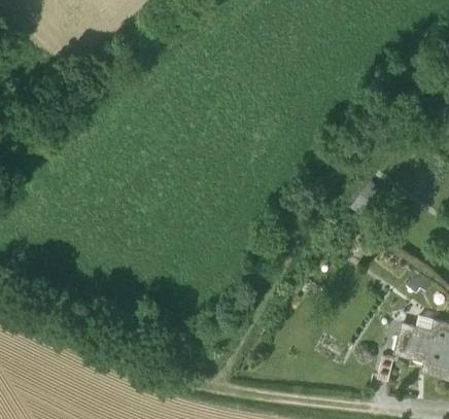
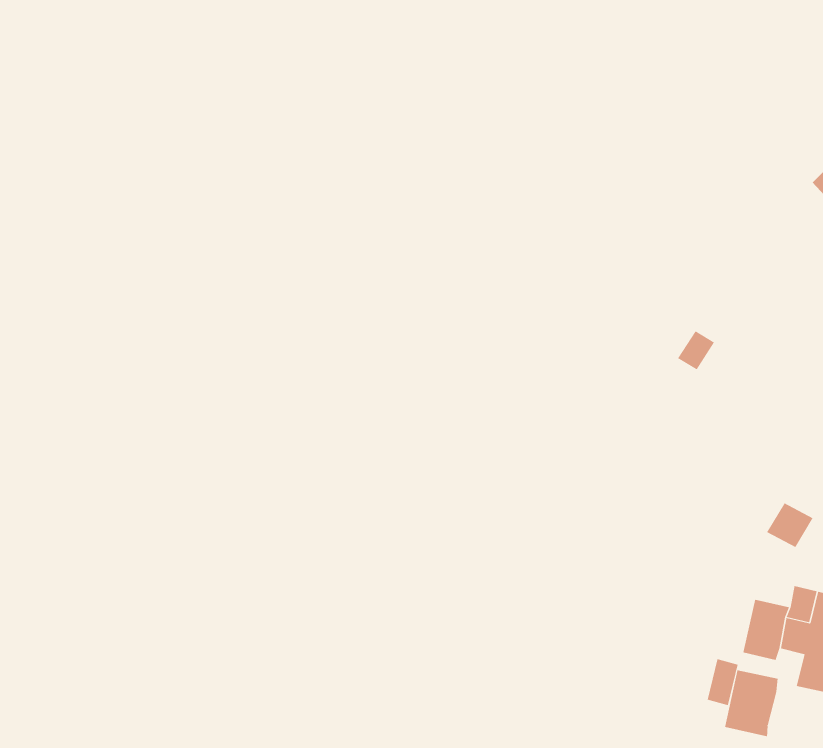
building: none -> [724,670,778,737]

